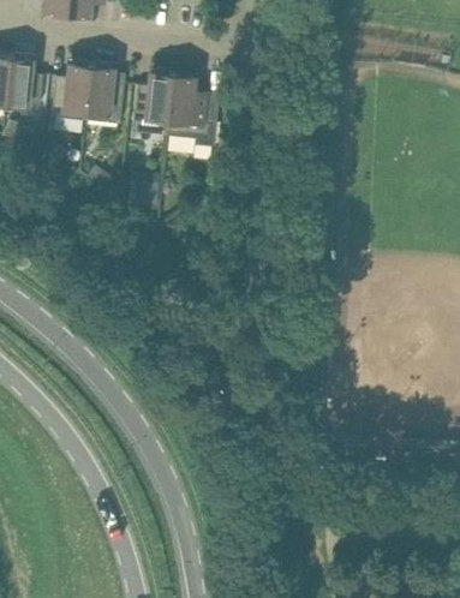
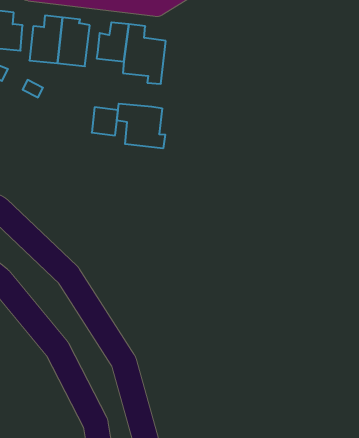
building: none -> [117,104,165,148]

